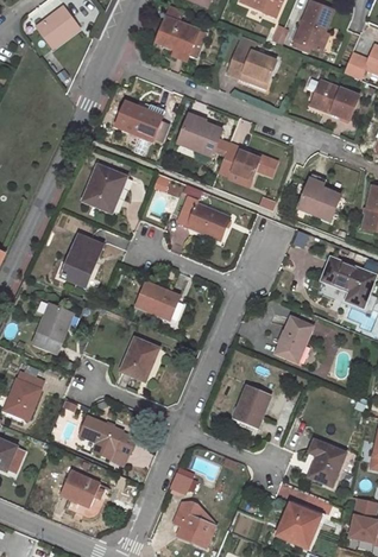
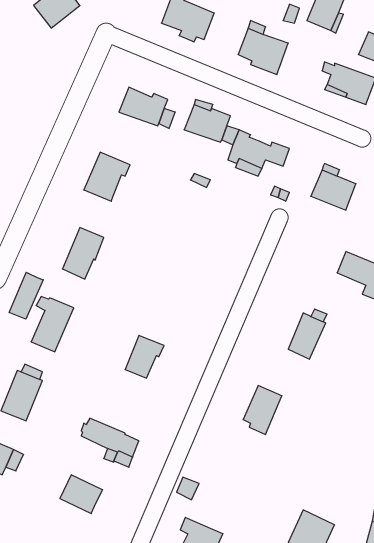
building: [177,197,228,240] -> none
building: none -> [9,272,43,319]
building: [137,281,183,322] -> none
building: [308,441,345,486] -> none

